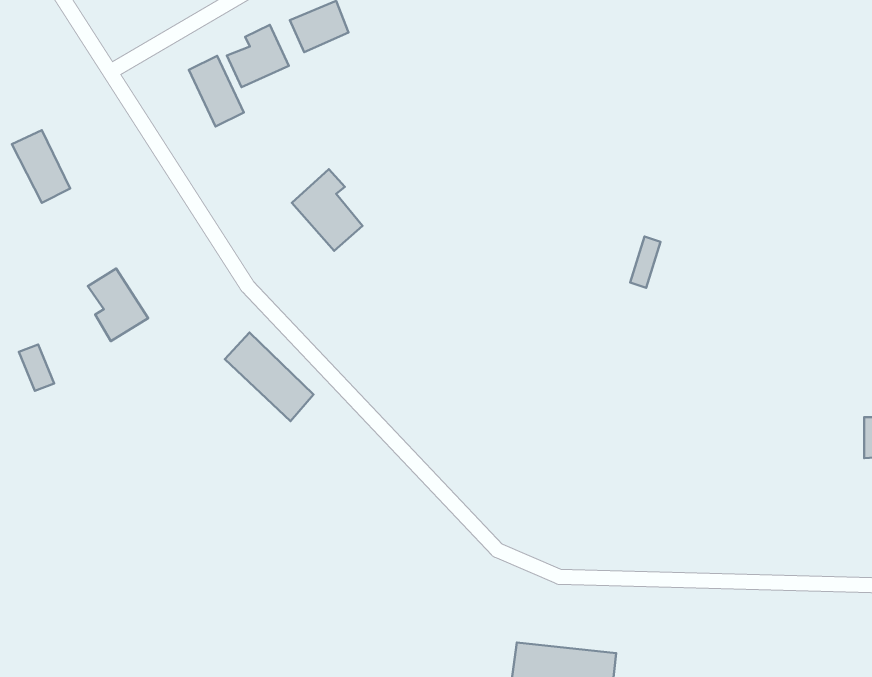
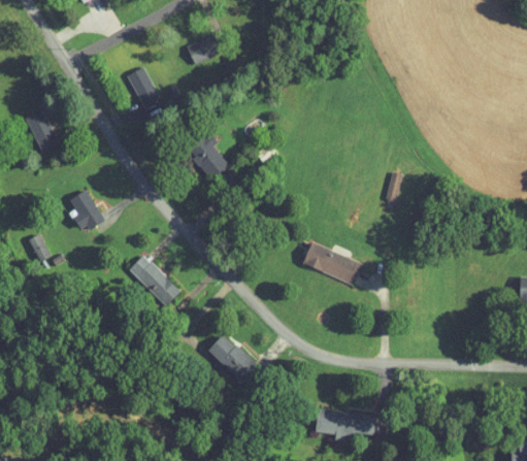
building: [227,25,289,87] -> none
building: [225,333,313,421] -> [129,256,180,307]
building: none -> [303,243,362,286]
building: none -> [207,334,256,382]

